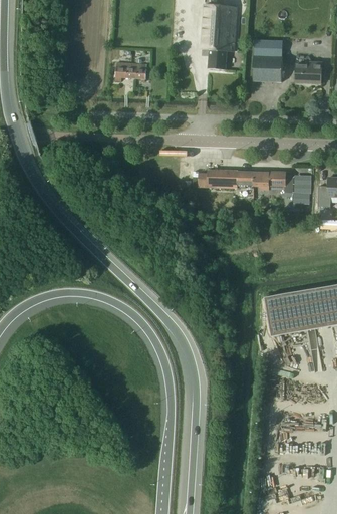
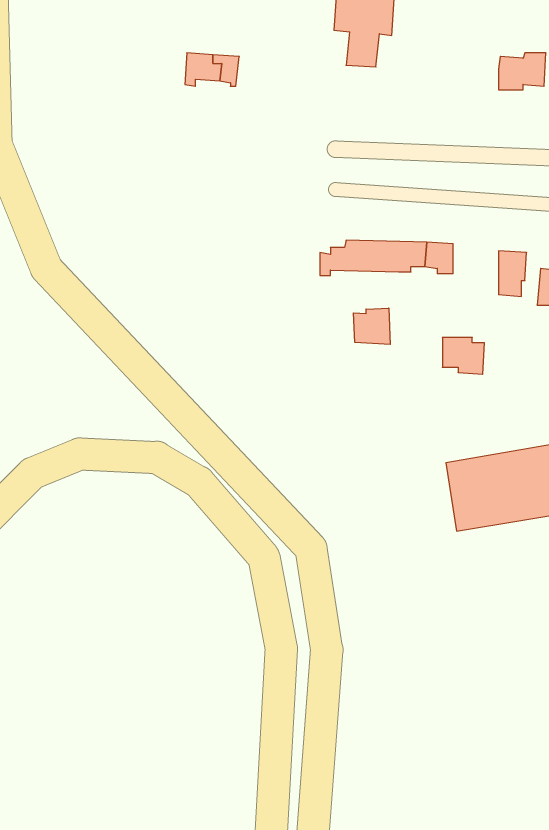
building: [253,39,283,81] -> none
building: [269,171,293,192] -> [442,337,484,374]
building: none -> [353,308,390,344]

